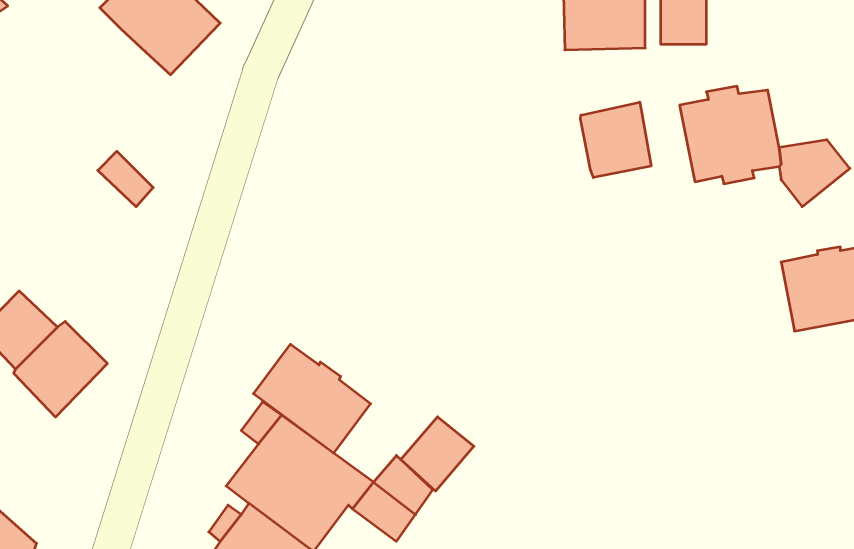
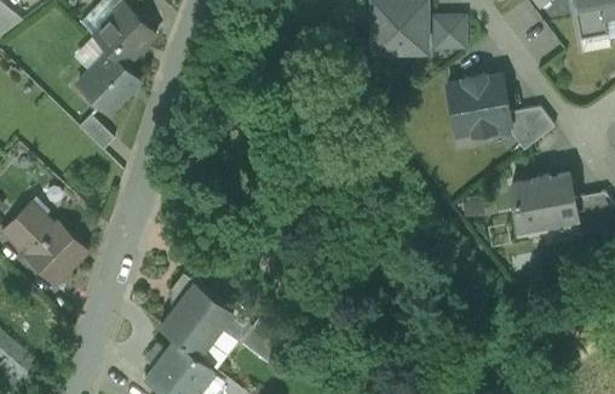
building: none -> [76,52,139,115]
building: [580,102,651,178] -> none
building: [253,344,371,453] -> none
building: [401,417,474,491] -> none

